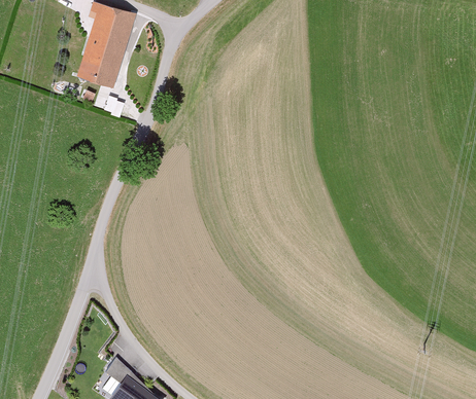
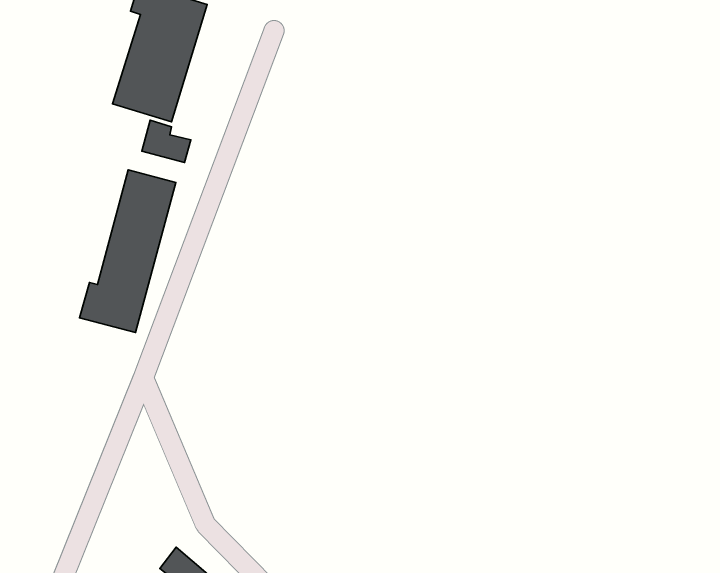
building: none -> [80,170,176,332]

